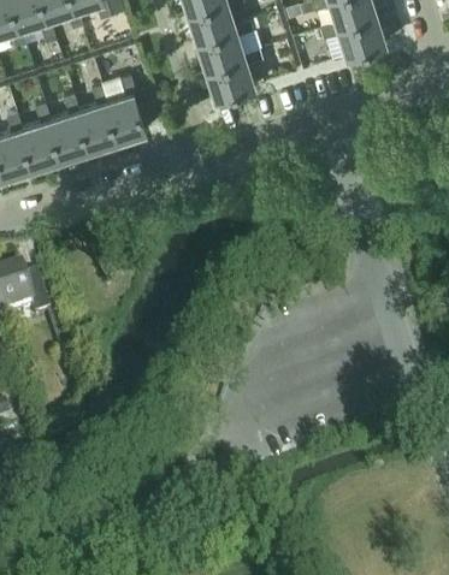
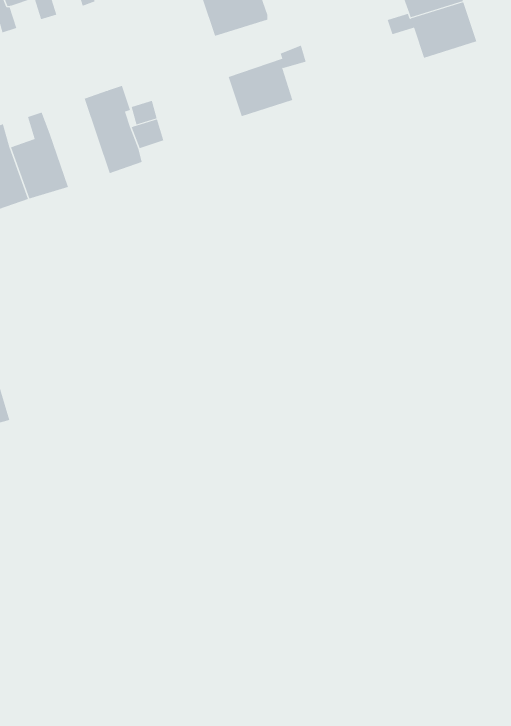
building: [197,23,254,72] -> none
building: [79,87,122,152] -> none

